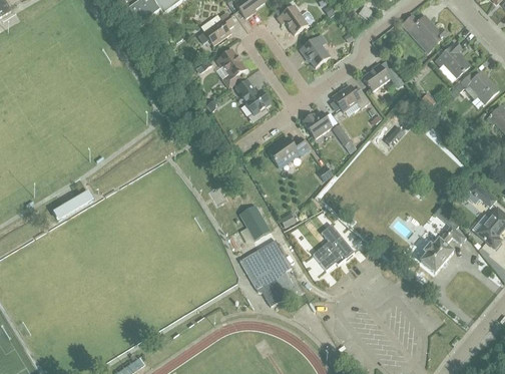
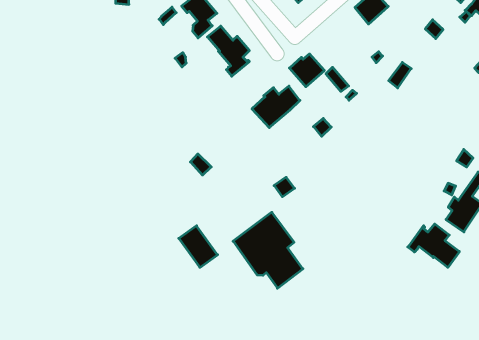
building: [332,84,369,111] -> none
building: [238,205,270,240] -> [179,226,218,267]
building: [312,224,354,270] -> none
building: none -> [408,224,459,267]

